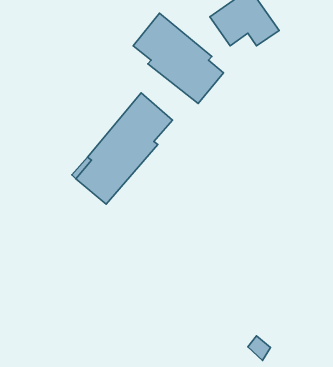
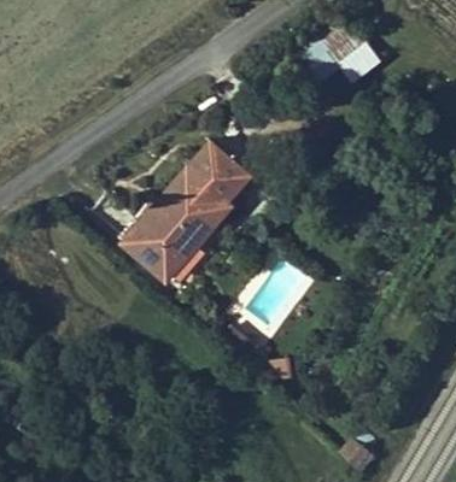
building: [133,13,224,104] -> none

